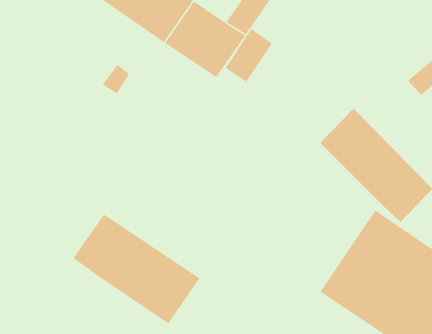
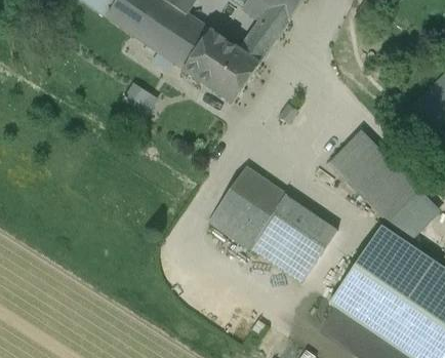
building: [224,28,273,82] -> none
building: none -> [209,167,337,282]
building: [73,214,201,324] -> none

